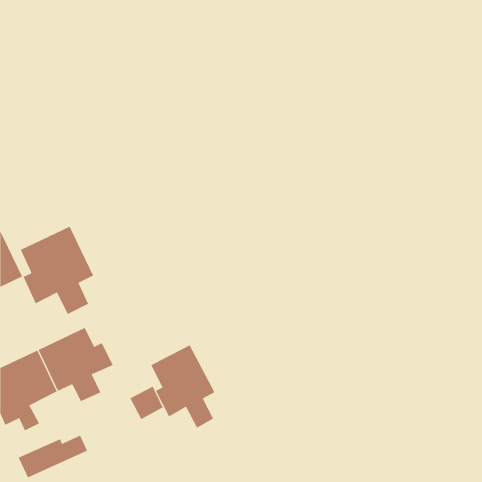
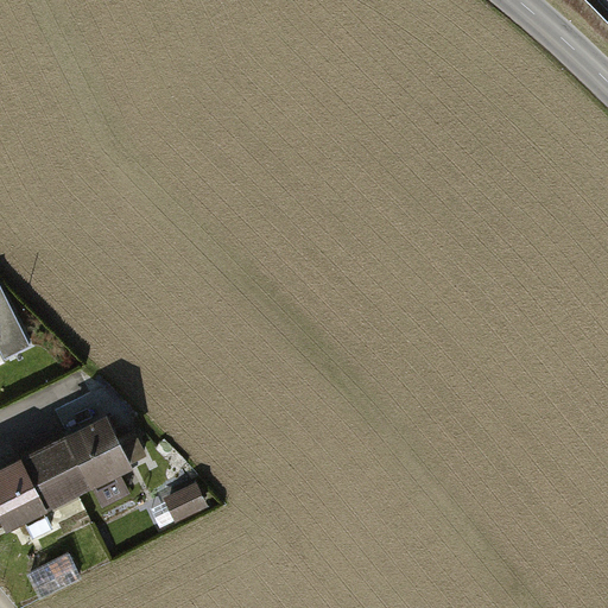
building: [20,226,94,315] -> none
building: [150,344,215,428] -> none

